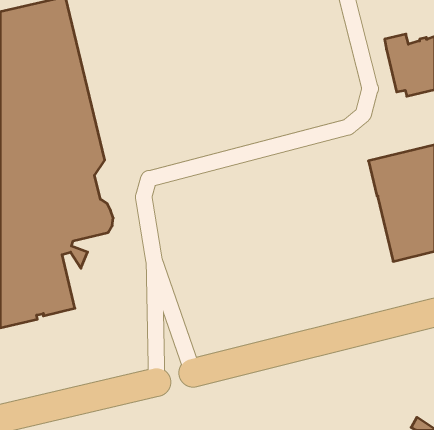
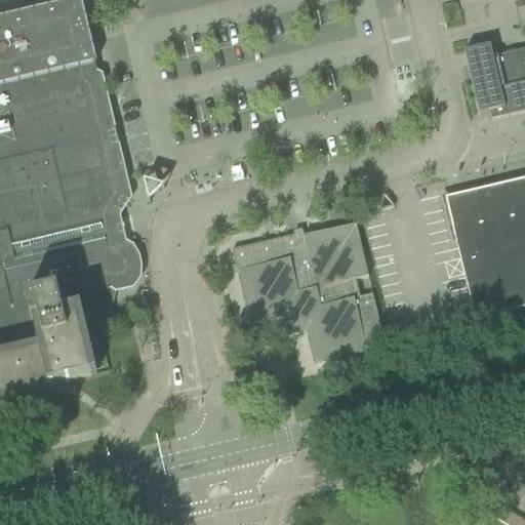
building: none -> [232,220,381,360]

